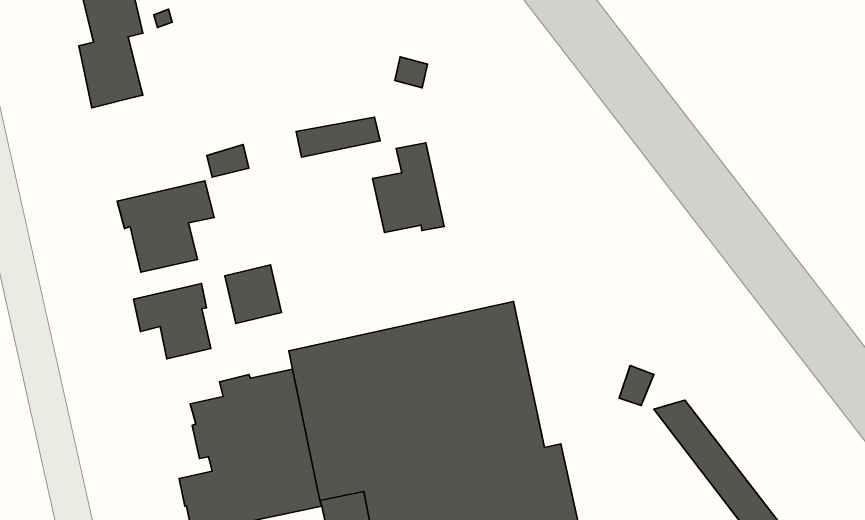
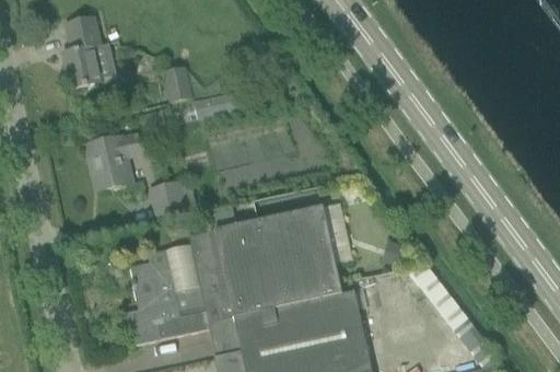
building: none -> [165,68,196,105]
building: [373,143,444,233] -> none
building: [134,284,211,359] -> none

